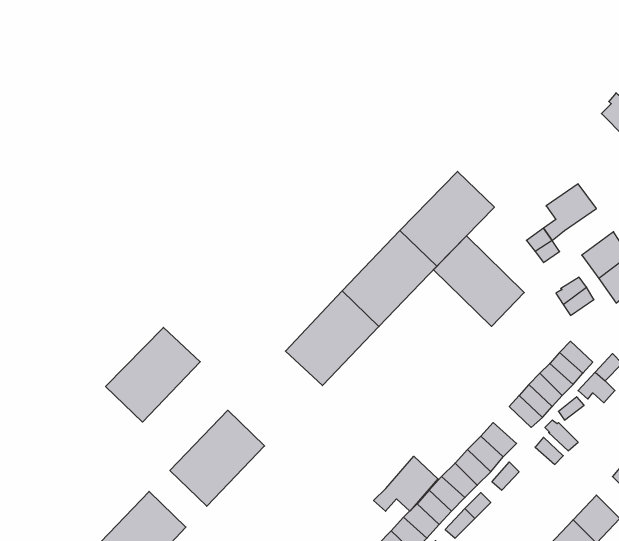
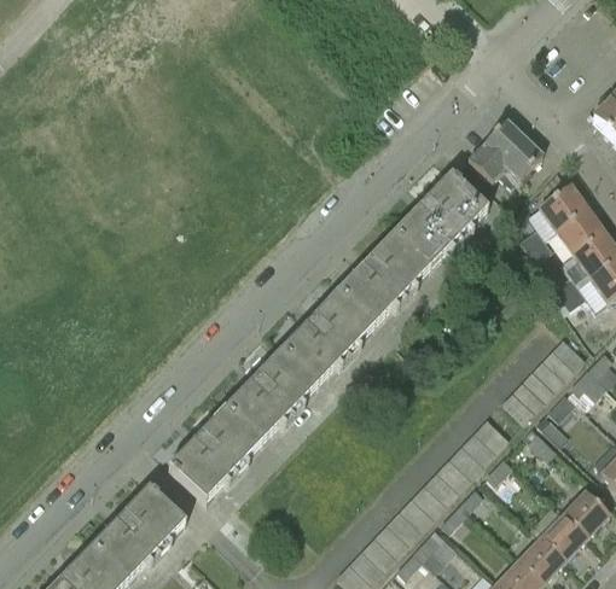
building: none -> [466,118,541,182]
building: none -> [556,208,604,253]
building: [434,236,524,326] -> none
building: [106,327,200,422] -> [225,348,318,441]
building: [374,456,438,511] -> none

